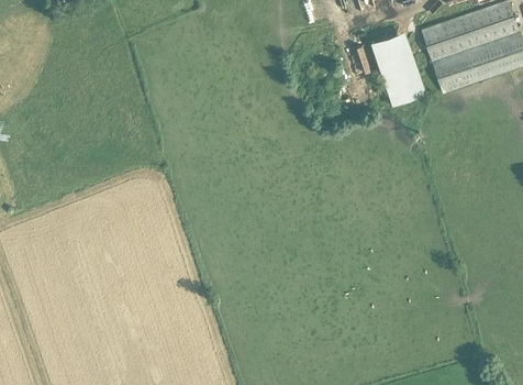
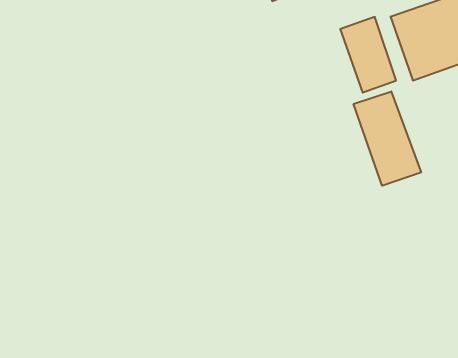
building: none -> [354,91,421,186]

